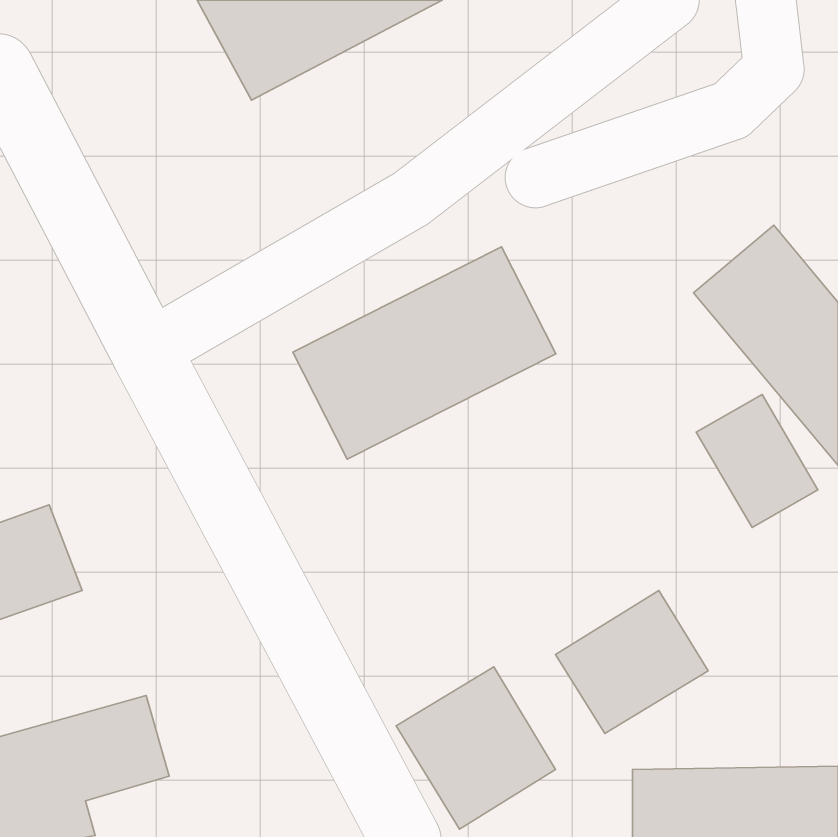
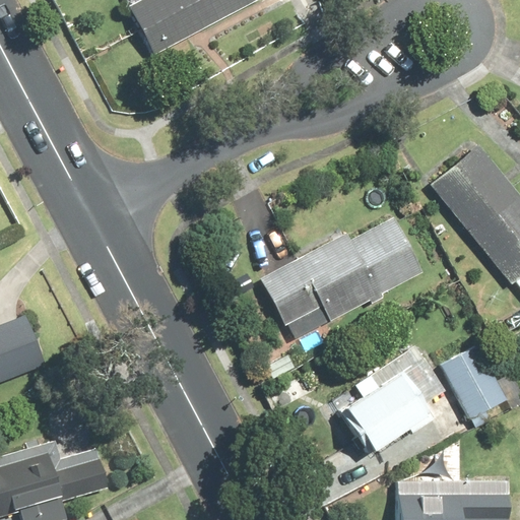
building: [293,247,556,459] -> [262,207,425,338]
building: [696,394,818,528] -> [438,342,513,425]
building: [396,667,555,829] -> none

